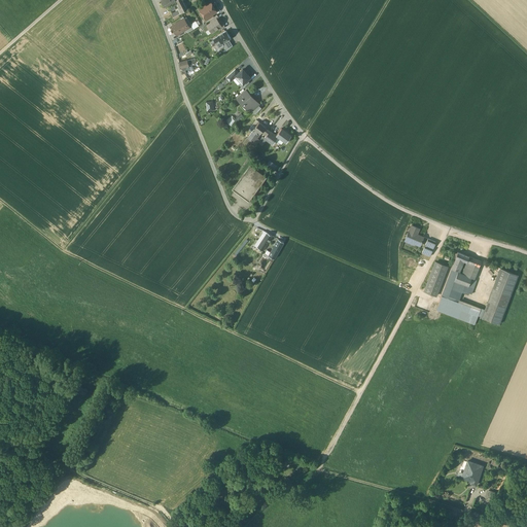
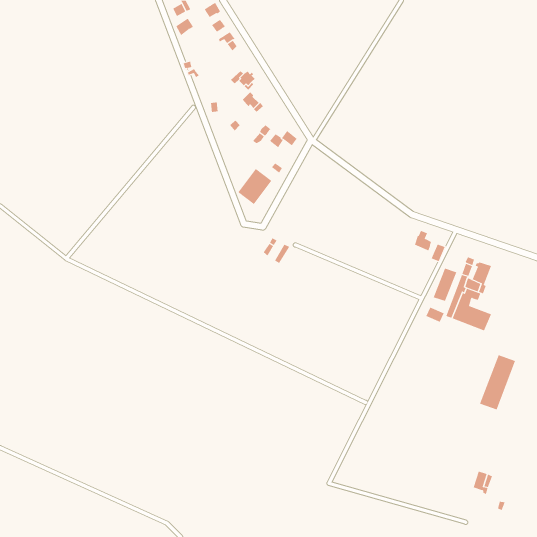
building: [482,269,518,323] -> [479,354,516,410]

